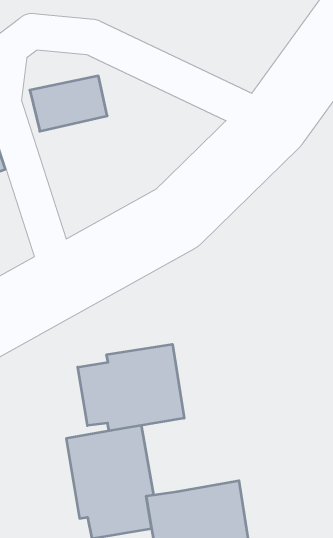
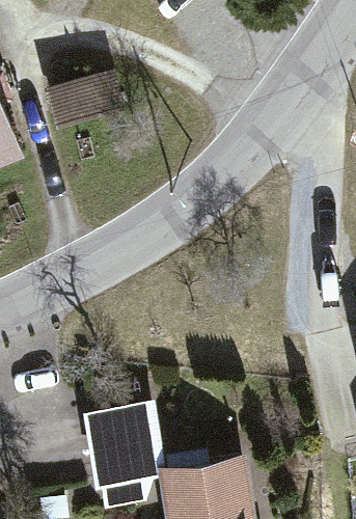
building: [78,344,184,431] -> none

